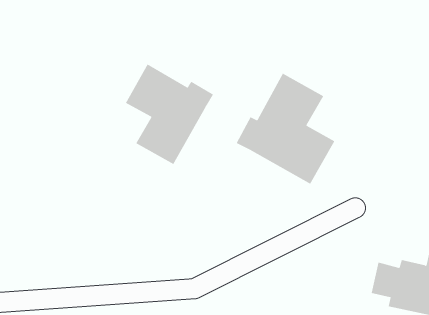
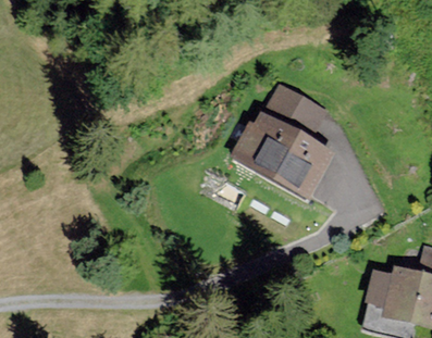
building: [125,64,214,165] -> none

